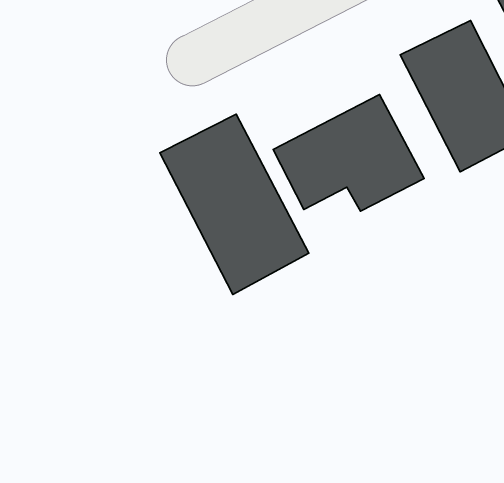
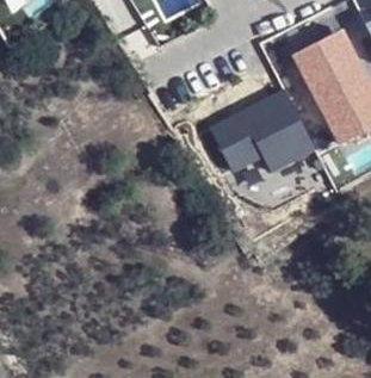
building: [160,114,309,295] -> none

